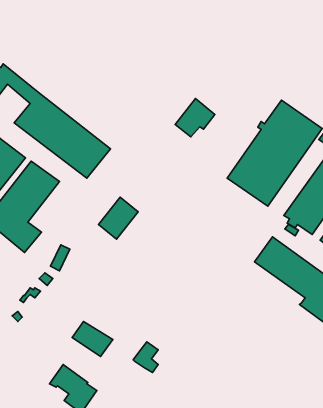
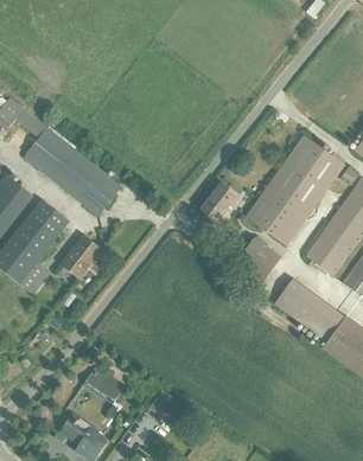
building: [175,99,215,137] -> [199,181,241,222]
building: none -> [235,236,281,281]
building: [99,197,138,239] -> [59,233,101,277]

